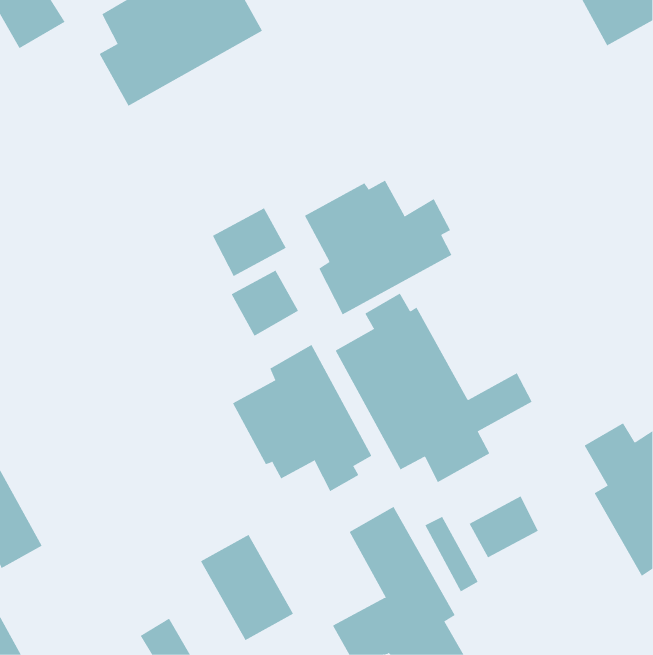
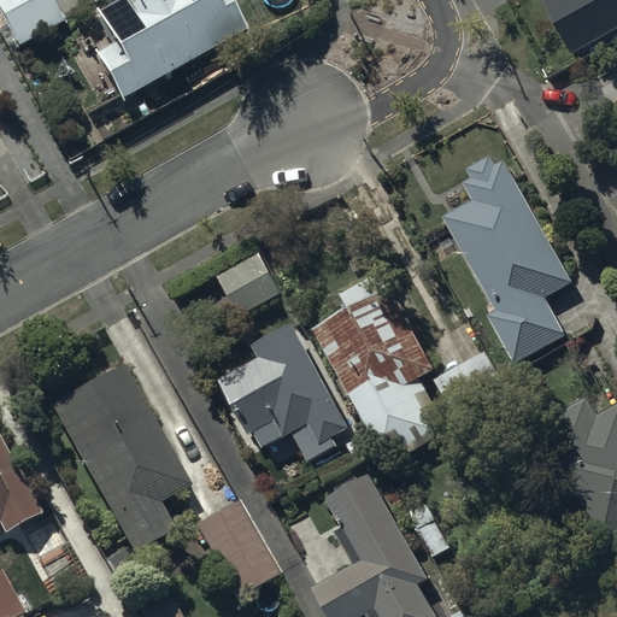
building: none -> [443,155,572,362]
building: [304,180,452,315] -> none
building: [212,208,286,277] -> none
building: none -> [49,366,188,554]
building: [469,495,539,558] -> none

